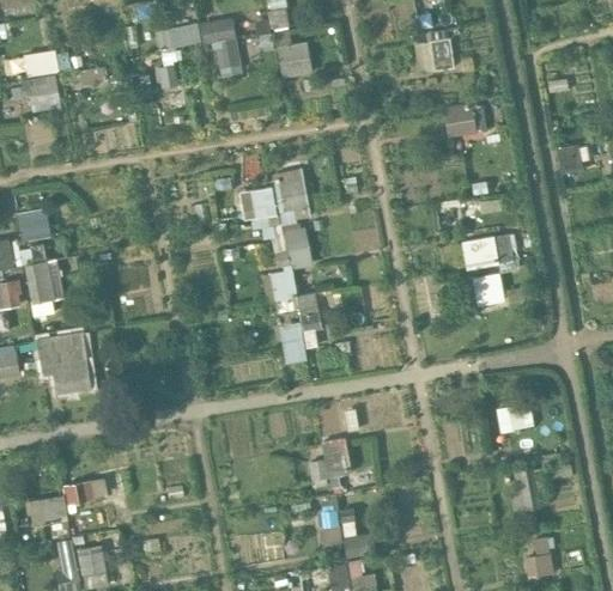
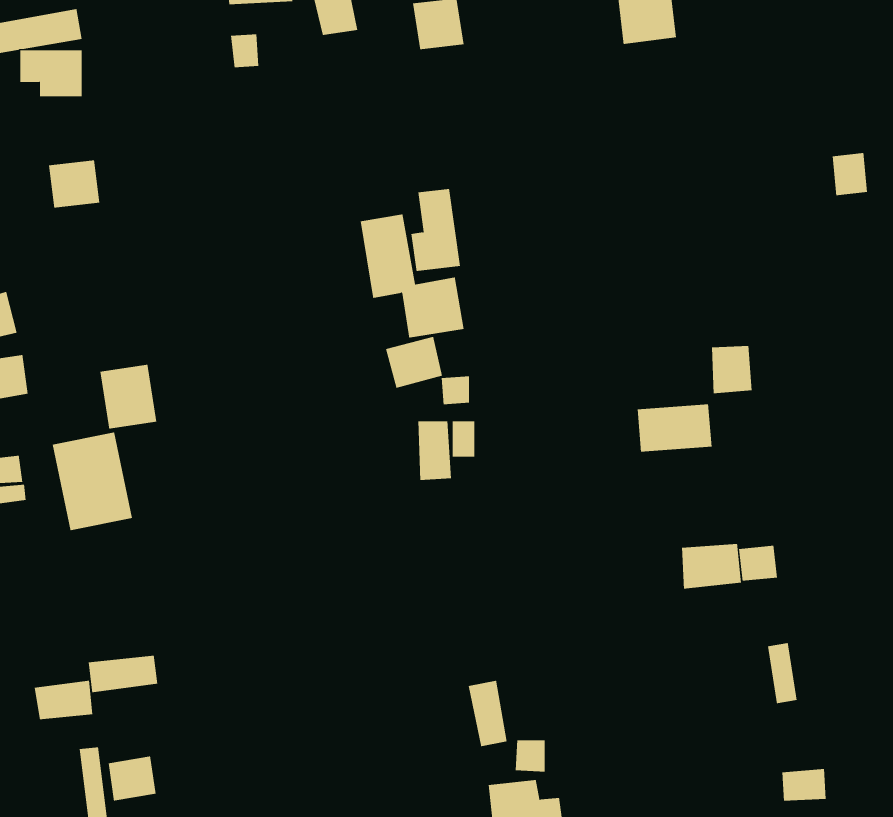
building: [443,106,484,138] -> none
building: [18,208,53,240] -> [48,160,100,208]
building: [465,236,515,268] -> [637,404,712,452]
building: [24,261,62,304] -> [99,364,157,429]
building: none -> [681,543,742,589]
building: [306,437,351,483] -> none

